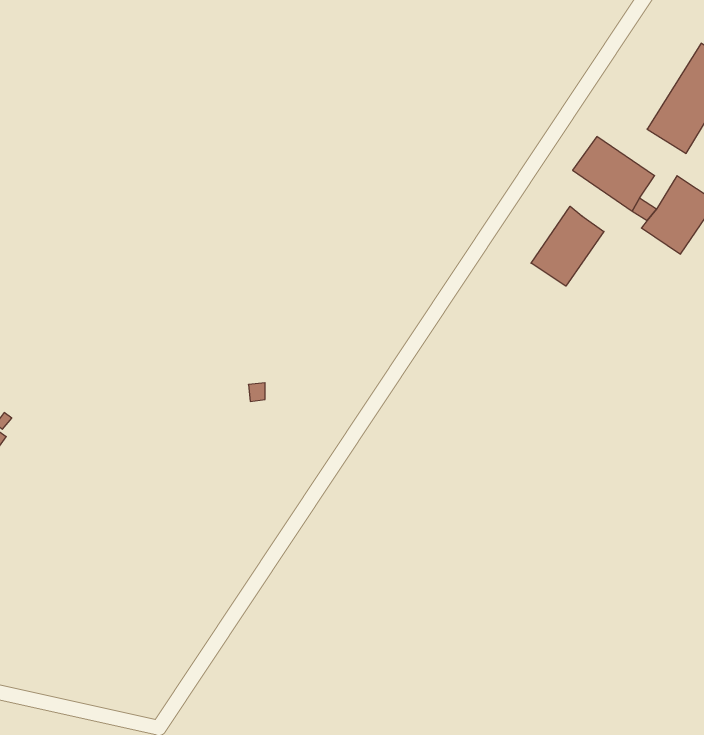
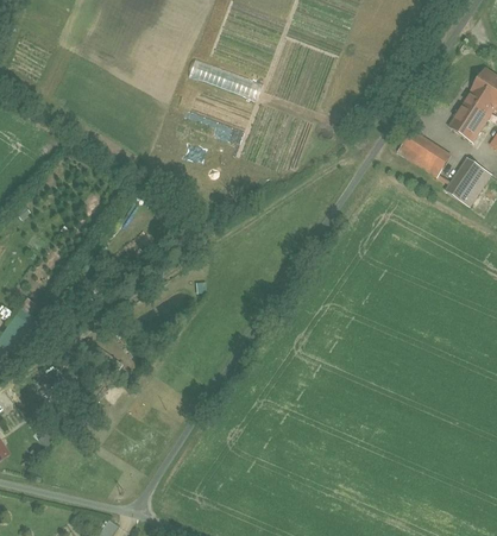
building: [531,206,604,286] -> none

